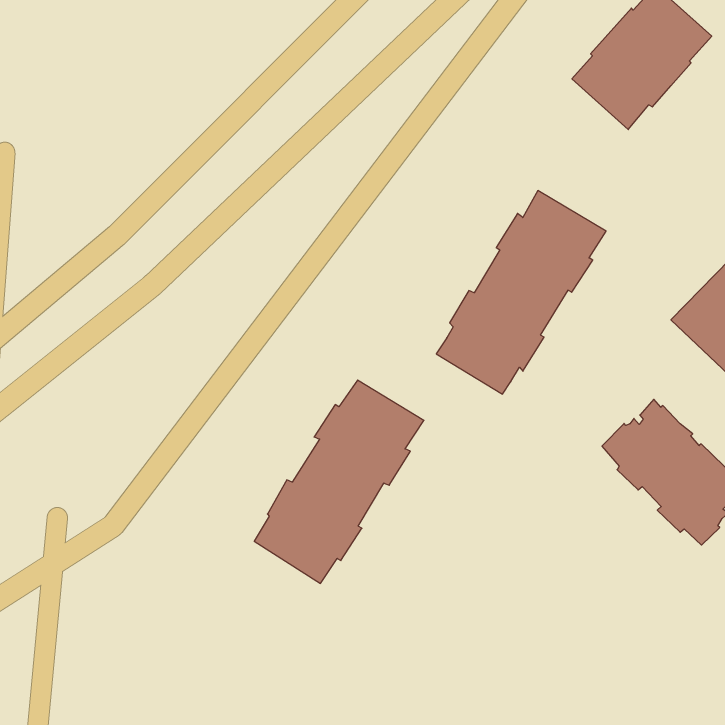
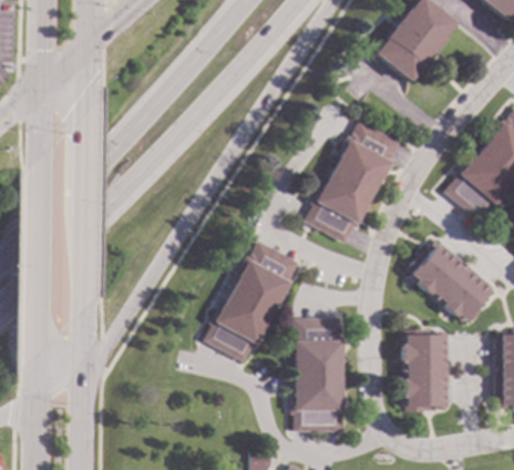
building: none -> [292,319,346,432]
building: none -> [403,330,450,413]

